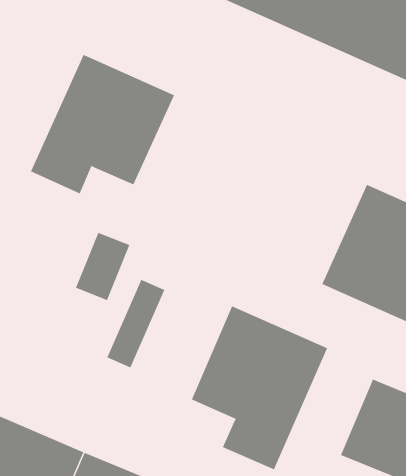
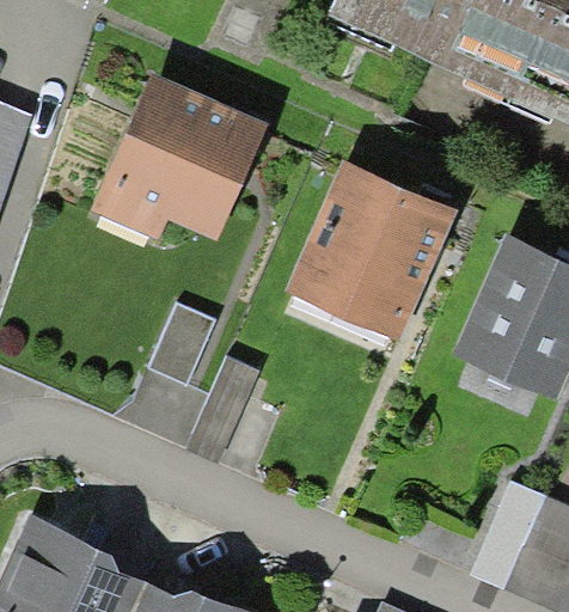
building: none -> [289,169,463,350]
building: [191,305,328,470] -> none

